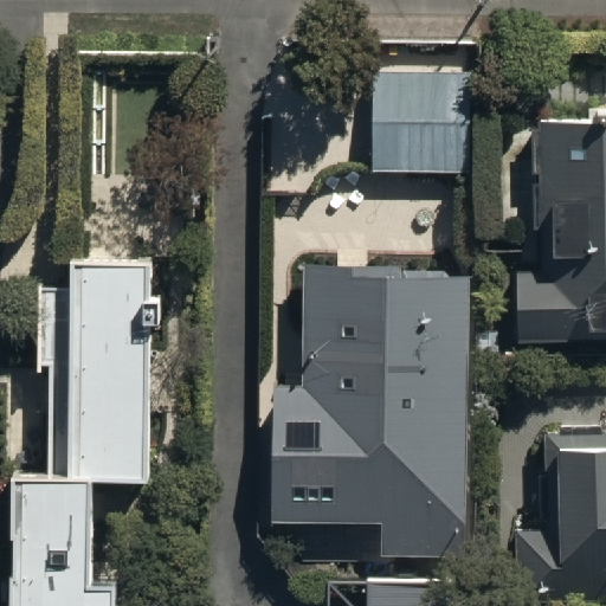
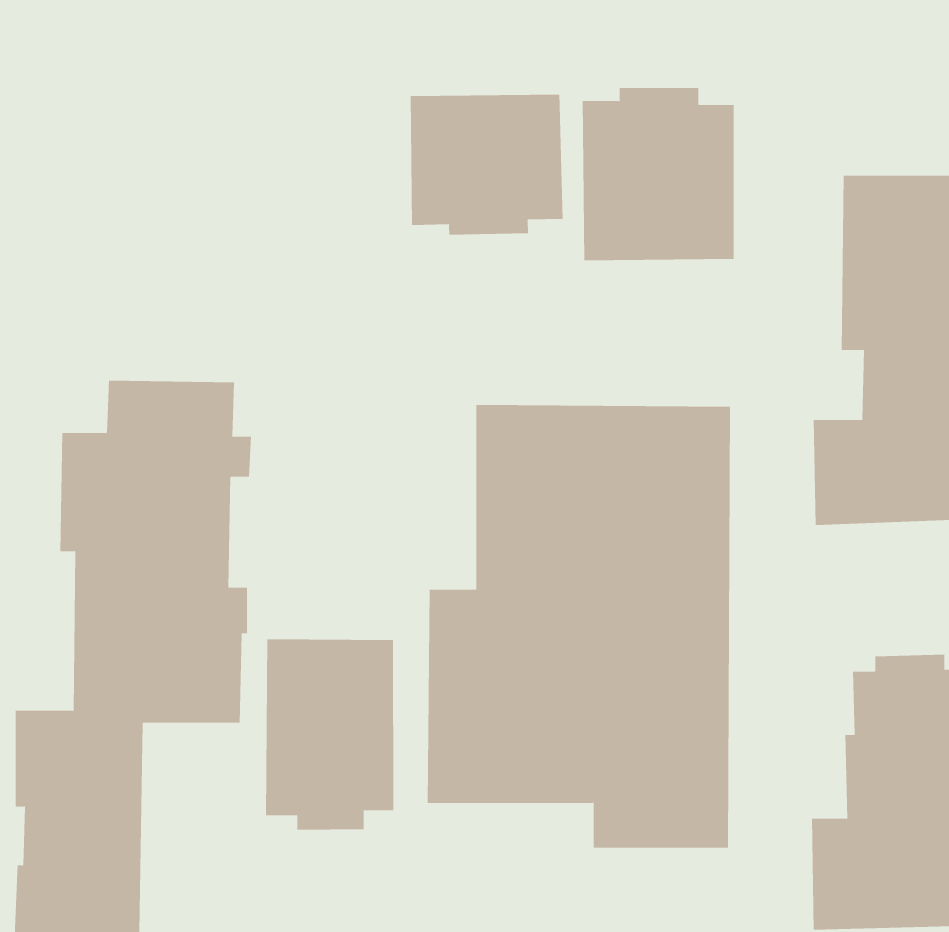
building: none -> [410,94,563,235]
building: none -> [265,638,394,830]

